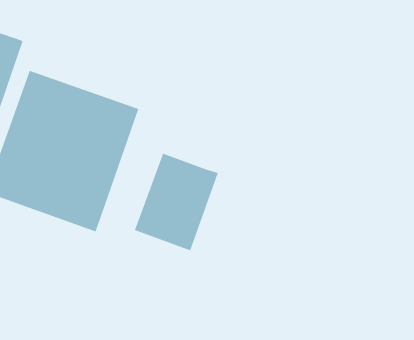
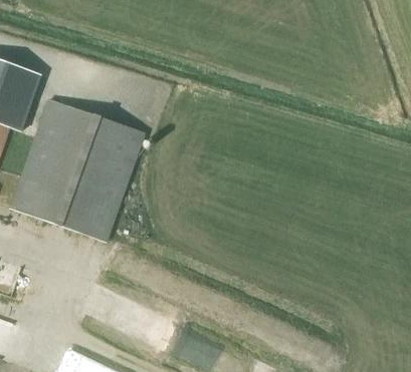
building: [134,153,218,251] -> none

